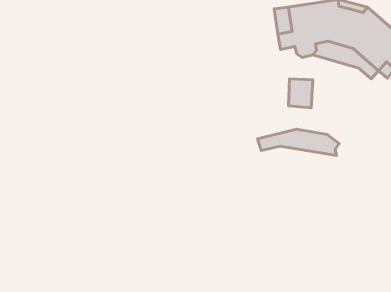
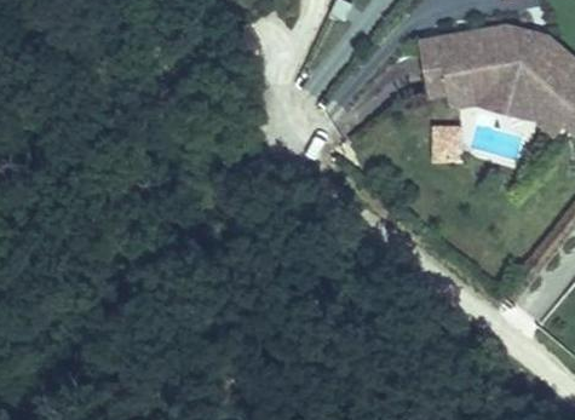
building: [258,129,339,155] -> none

